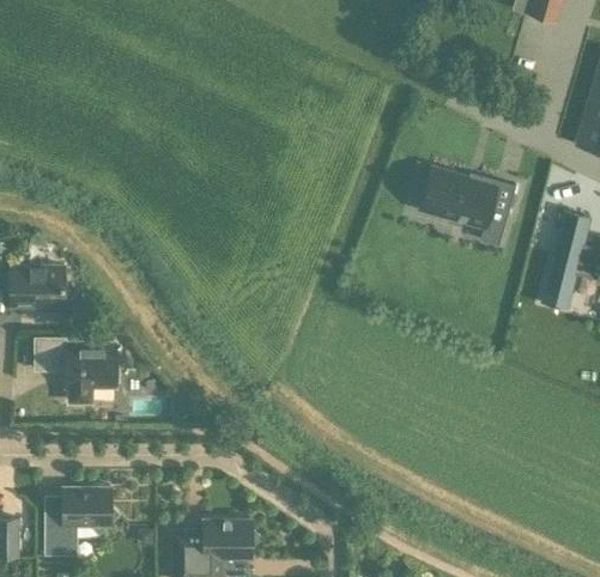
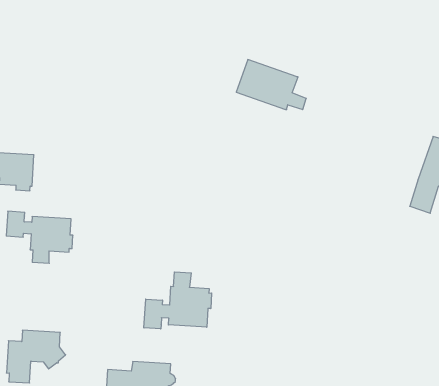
building: [419,168,508,227] -> [236,60,306,110]
building: none -> [144,272,212,329]

